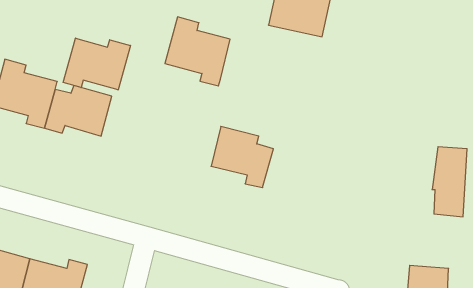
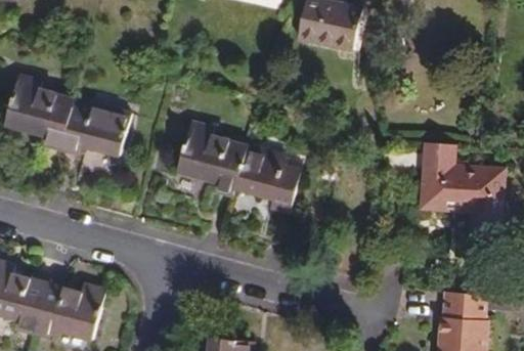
building: [165,17,230,86] -> [176,122,245,194]
building: [63,38,130,90] -> none
building: none -> [417,141,473,212]

